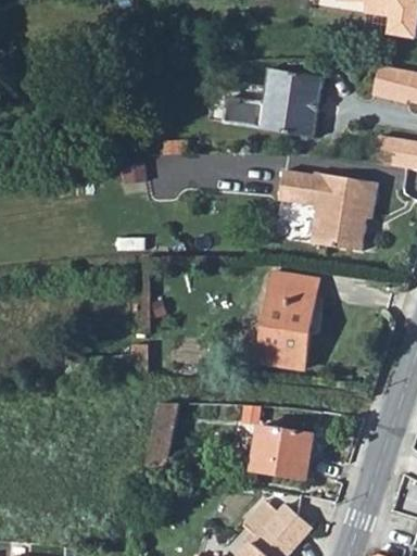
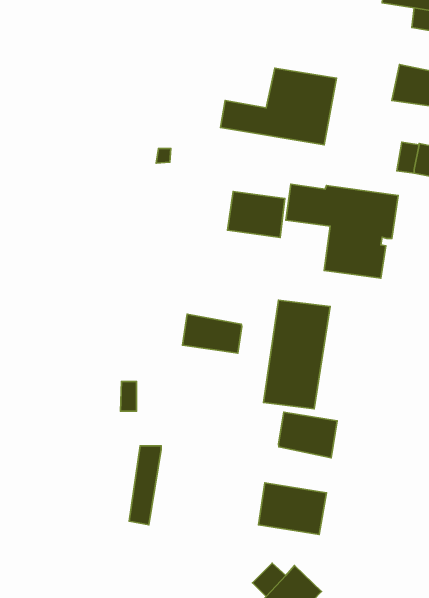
building: none -> [227,192,285,237]
building: none -> [183,314,242,353]
building: none -> [278,412,337,458]

